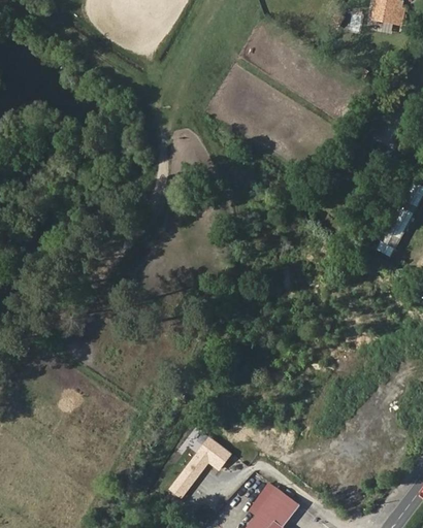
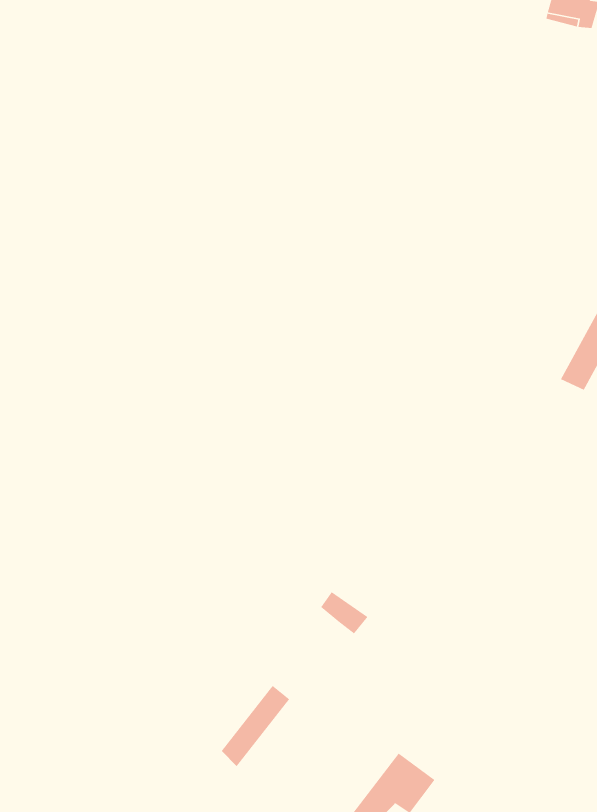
building: [197,434,228,462] -> [320,591,369,635]

